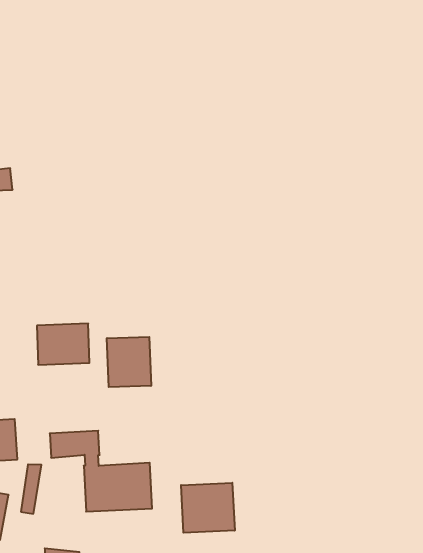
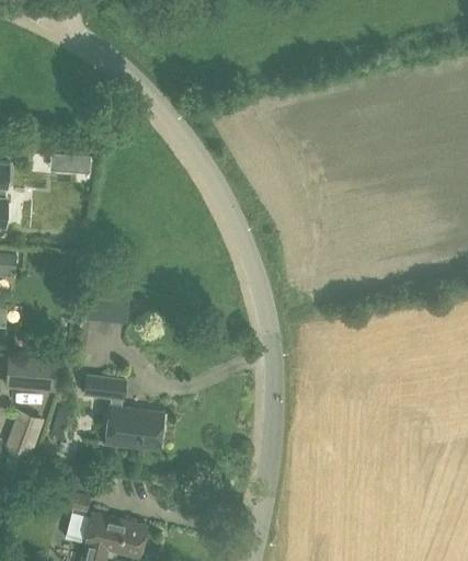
building: [107,337,151,387] -> none
building: [181,483,235,533] -> none

